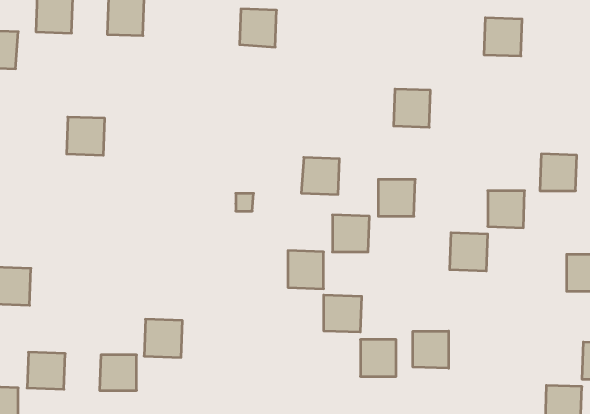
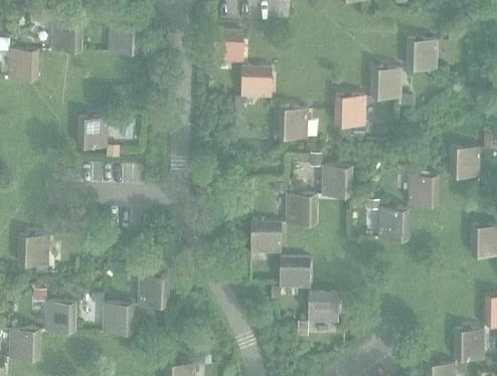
building: none -> [235,66,271,107]
building: none -> [371,68,400,98]
building: [301,157,339,194] -> [277,109,307,138]
building: [413,331,449,368] -> none

